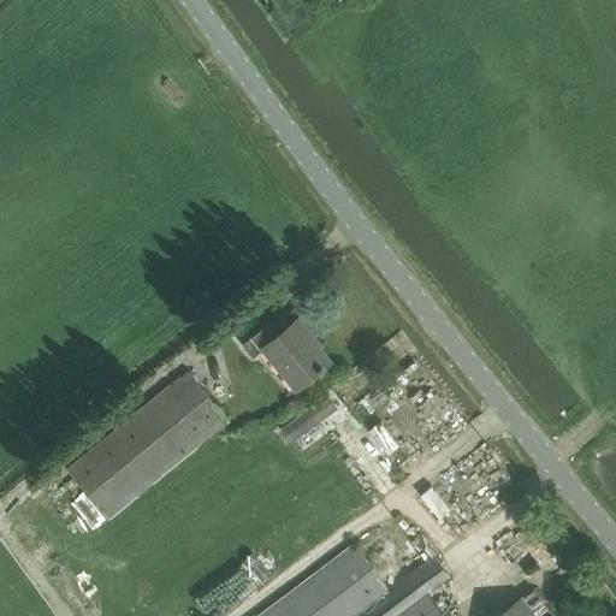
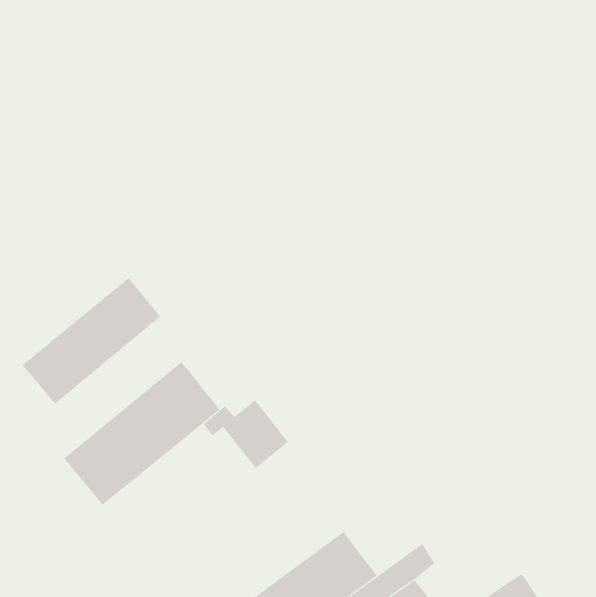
building: none -> [22,277,161,404]
building: [242,321,330,392] -> [203,400,288,469]

